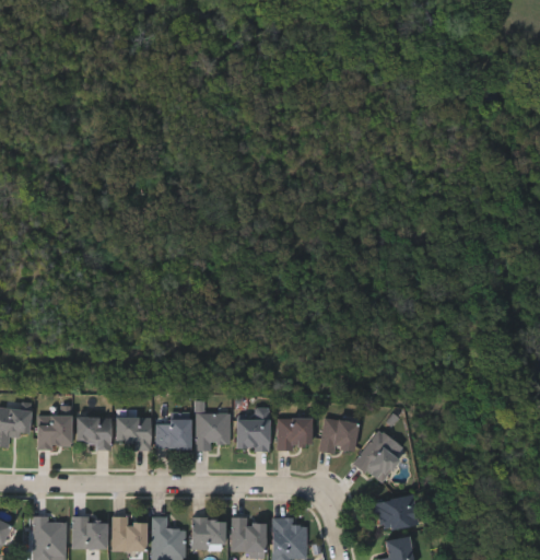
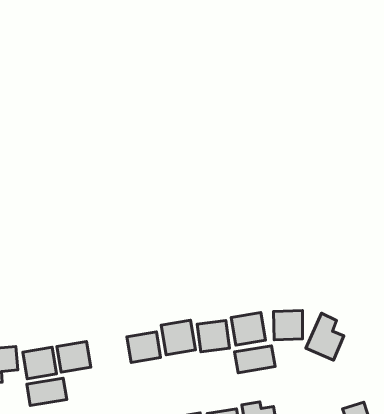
building: [116,417,151,450] -> none
building: none -> [27,378,67,406]
building: none -> [235,346,275,373]
building: [372,494,418,532] -> none

